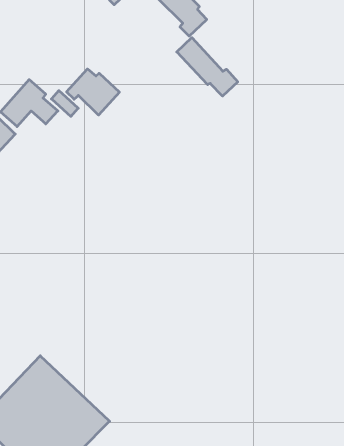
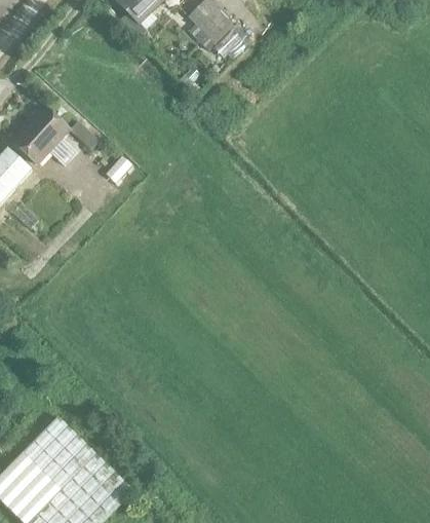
building: [177,38,238,96] -> none
building: [67,69,119,115] -> none

